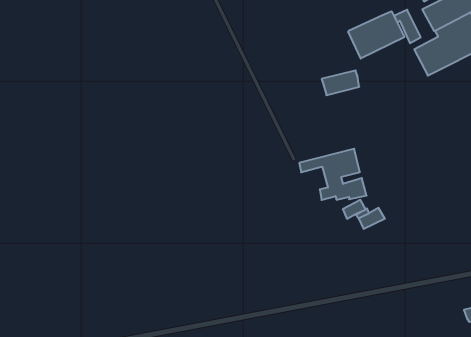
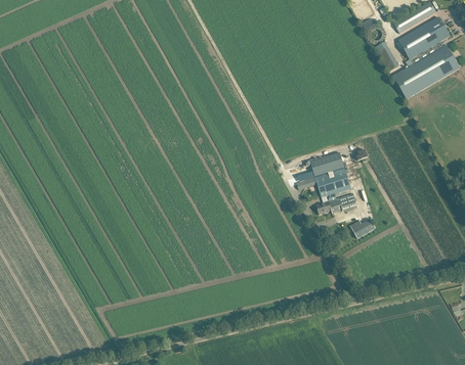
building: [348,11,404,59] -> none
building: [322,70,359,95] -> [309,151,343,175]

